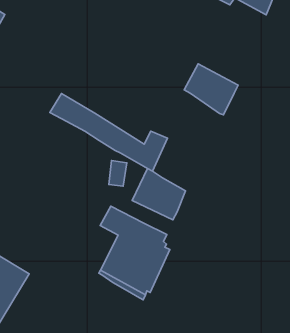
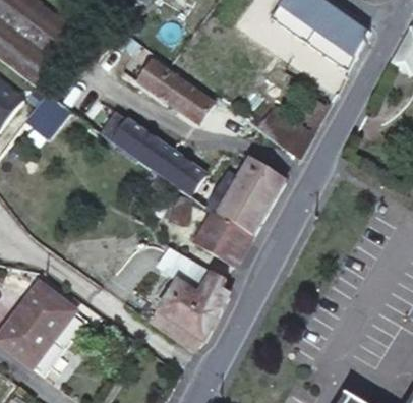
building: none -> [136,56,211,121]
building: none -> [217,160,282,236]

